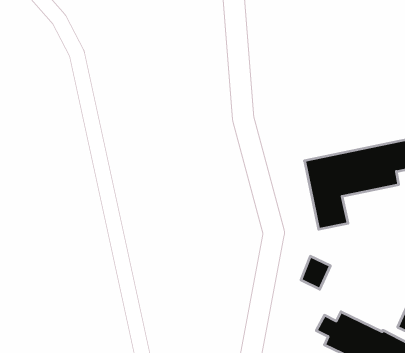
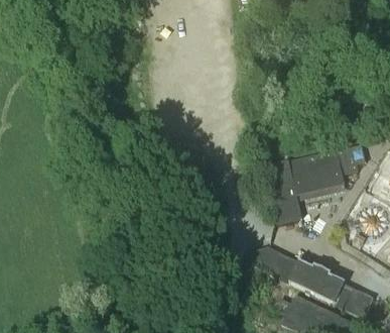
building: none -> [285,258,341,301]

